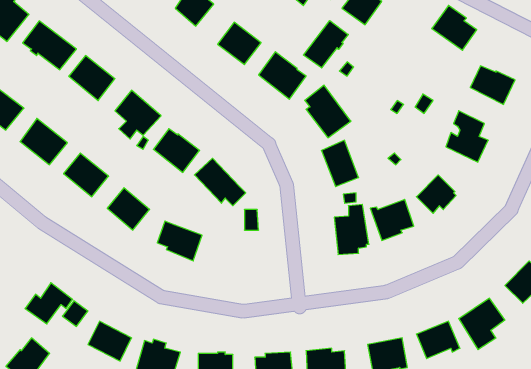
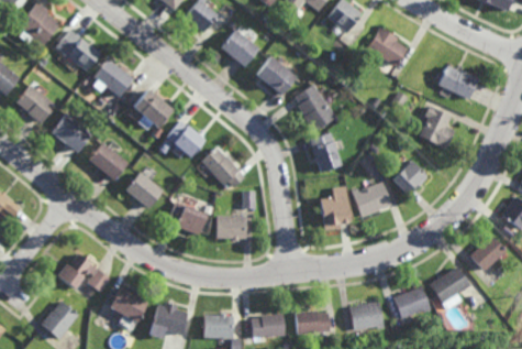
building: [432,5,477,50] -> [367,29,406,67]
building: [303,21,348,68] -> none
building: none -> [218,216,247,241]

